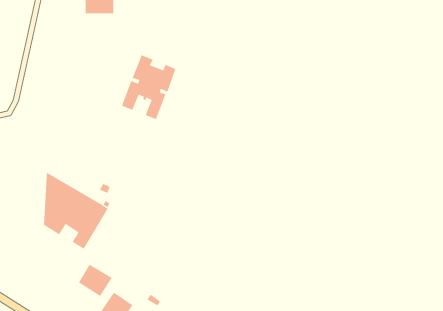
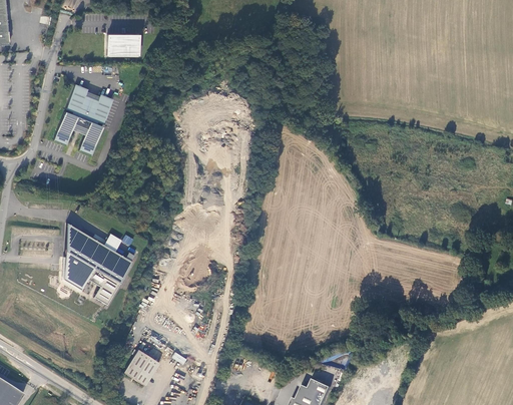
building: [121,55,176,120] -> [53,83,111,152]
building: [78,264,113,297] -> none

